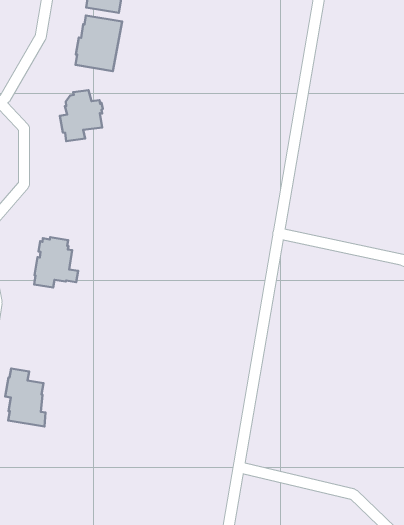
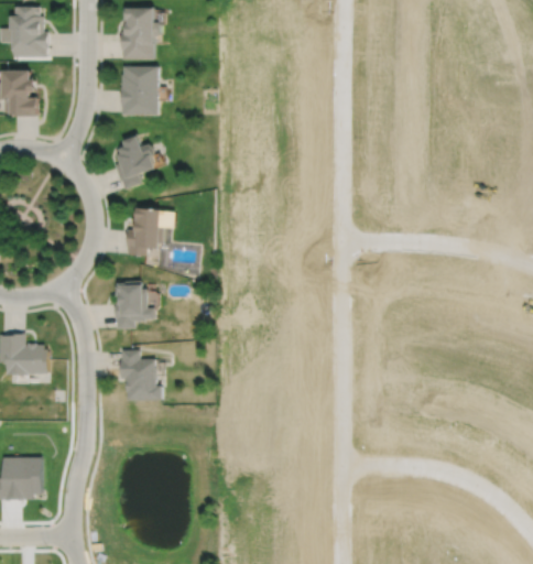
building: none -> [126,209,164,257]
building: [5,369,45,426] -> [121,351,163,401]

